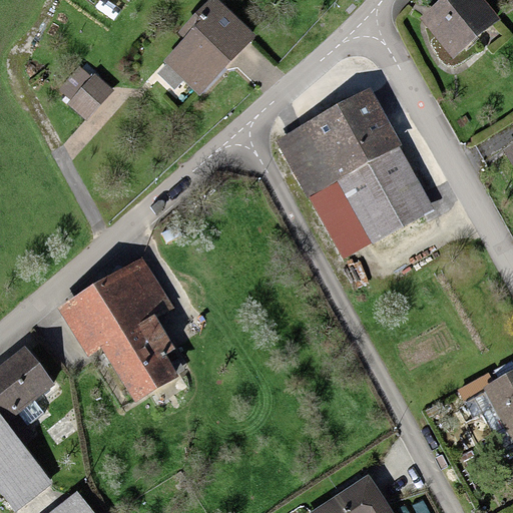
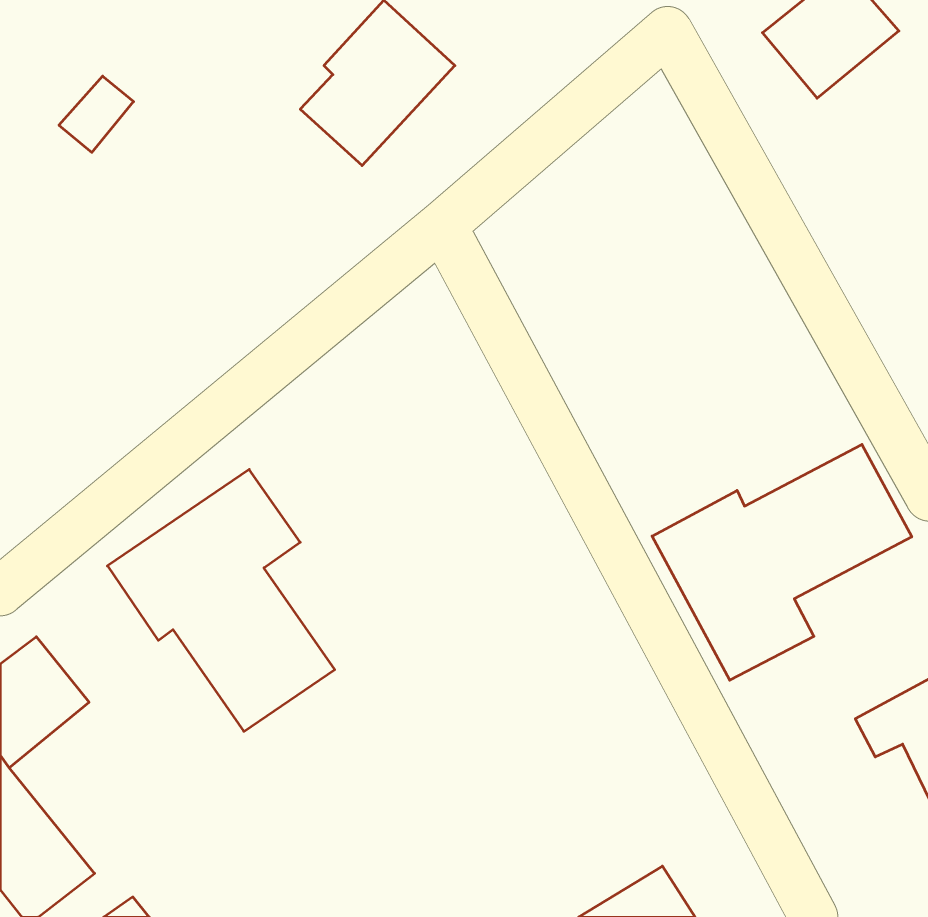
building: [69,74,110,116] -> [59,76,134,152]
building: [278,90,430,255] -> none
building: none -> [652,444,912,680]

